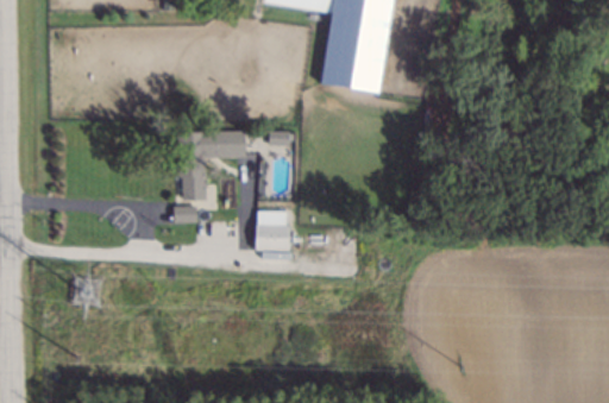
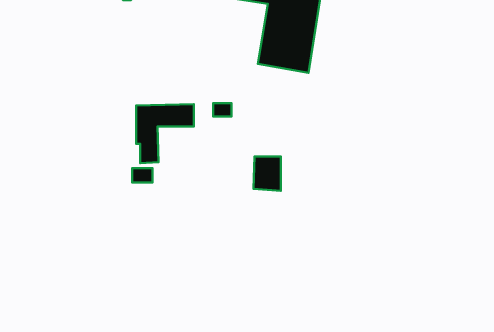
building: [256,210,288,251] -> [253,156,281,191]

